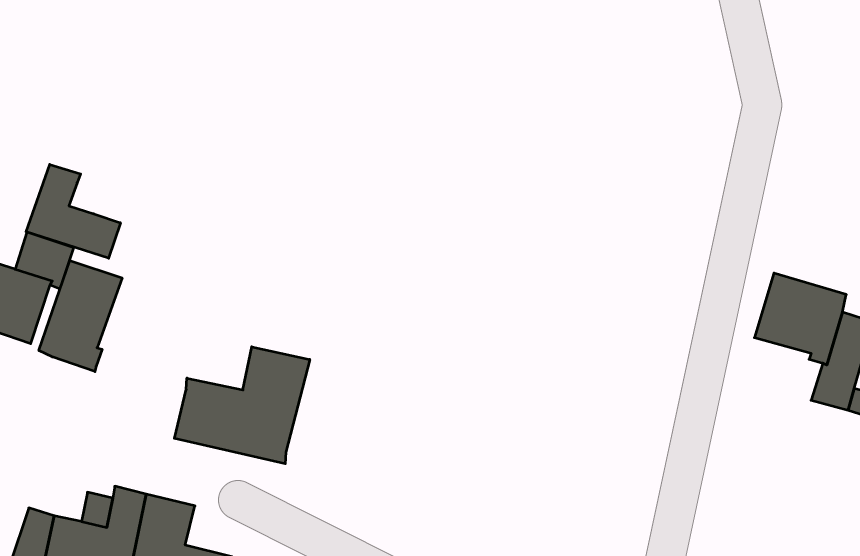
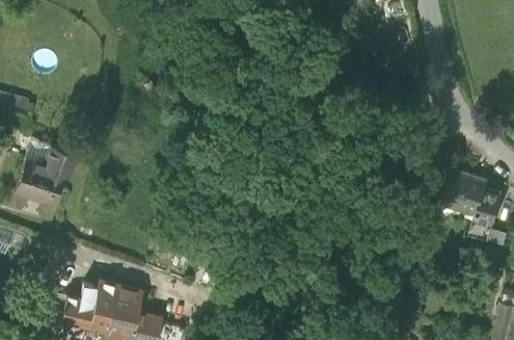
building: [26,164,120,258] -> none
building: [39,260,122,372] -> none
building: [174,347,310,464] -> none

